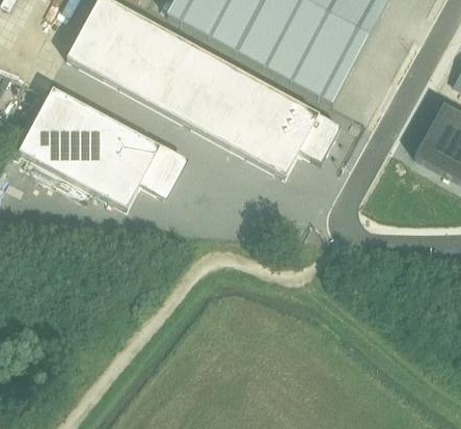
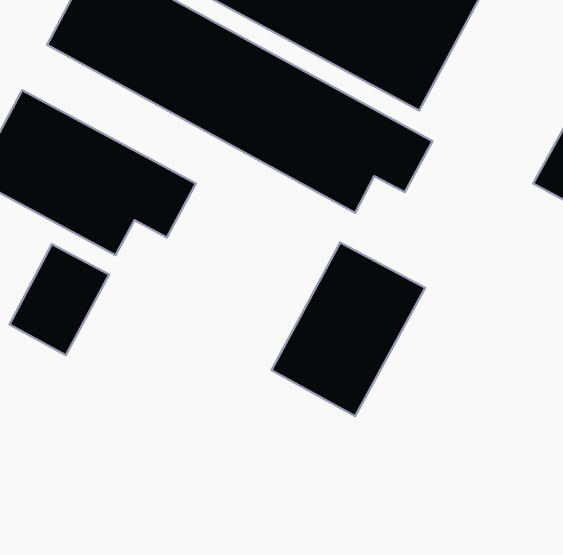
building: none -> [271,243,425,416]
building: none -> [9,244,109,355]

